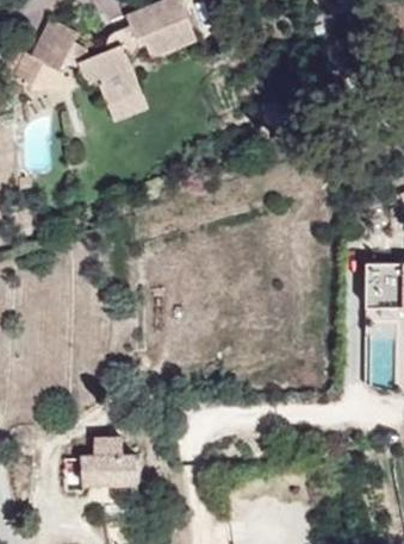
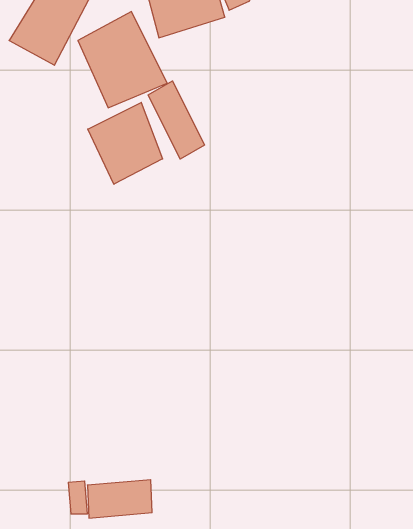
building: none -> [148,81,205,159]
building: none -> [88,102,163,184]

